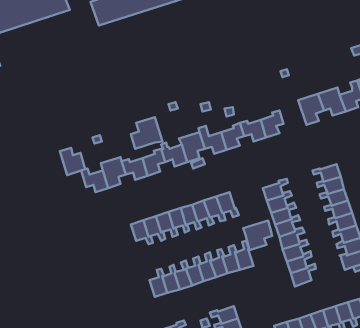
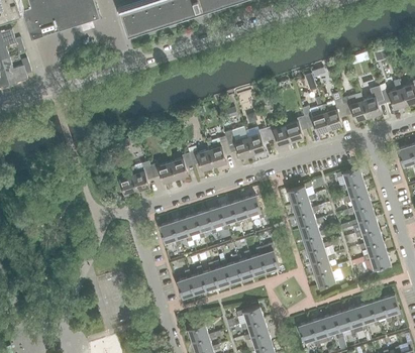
building: none -> [302,106,330,134]
building: [131,117,163,149] -> none
building: [60,148,85,175] -> none
building: [243,220,272,250] -> none

